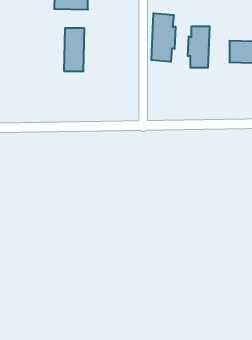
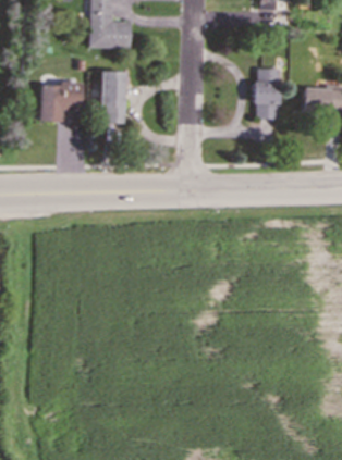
building: [152,13,176,62] -> none
building: none -> [40,82,82,122]

